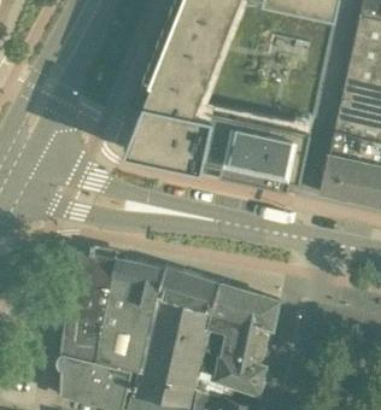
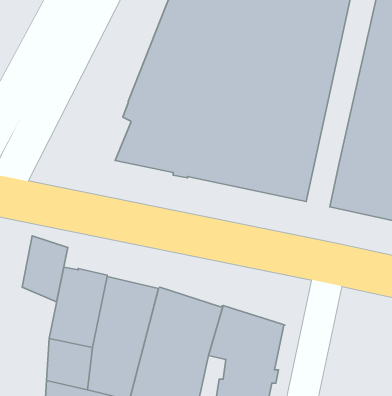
building: none -> [22,236,68,302]

